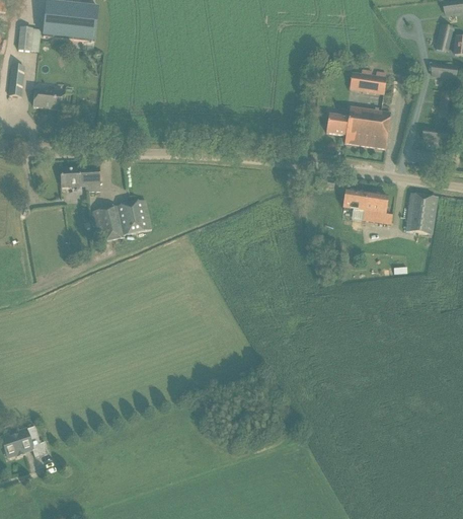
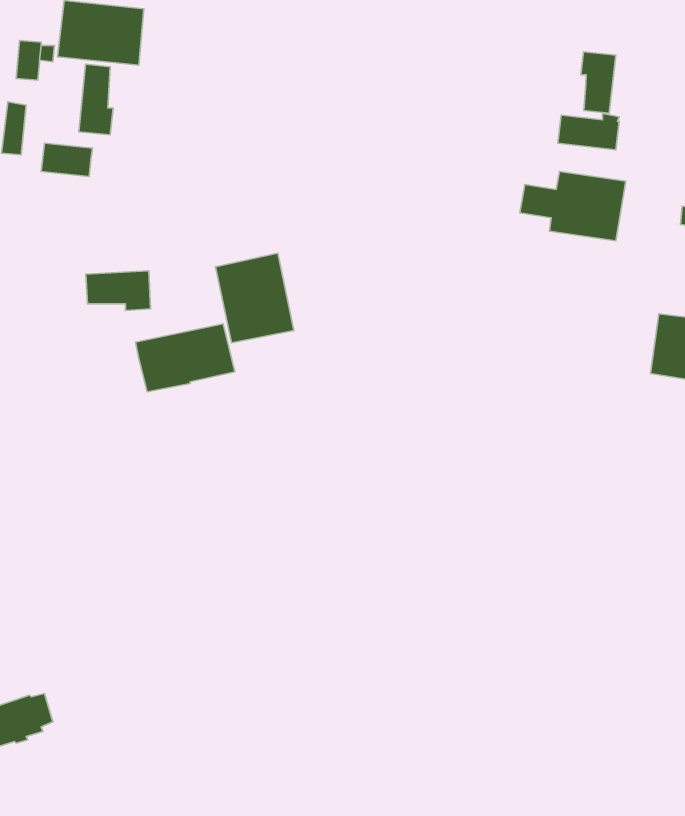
building: none -> [581,52,616,113]
building: none -> [79,64,113,135]
building: none -> [216,253,294,343]
building: [341,190,390,222] -> none

